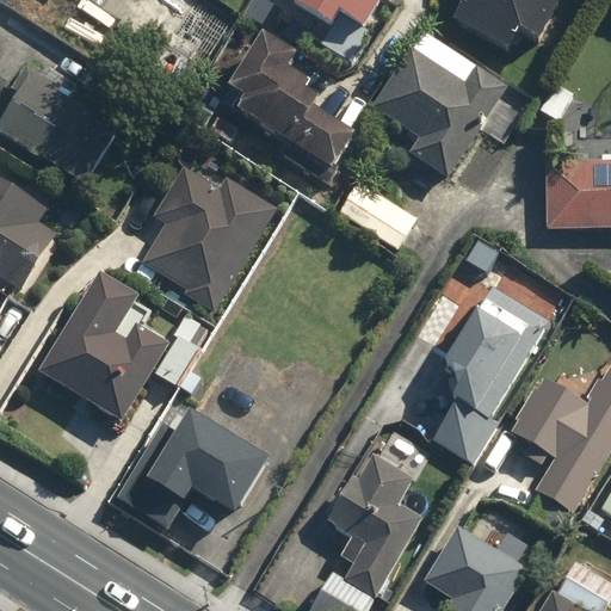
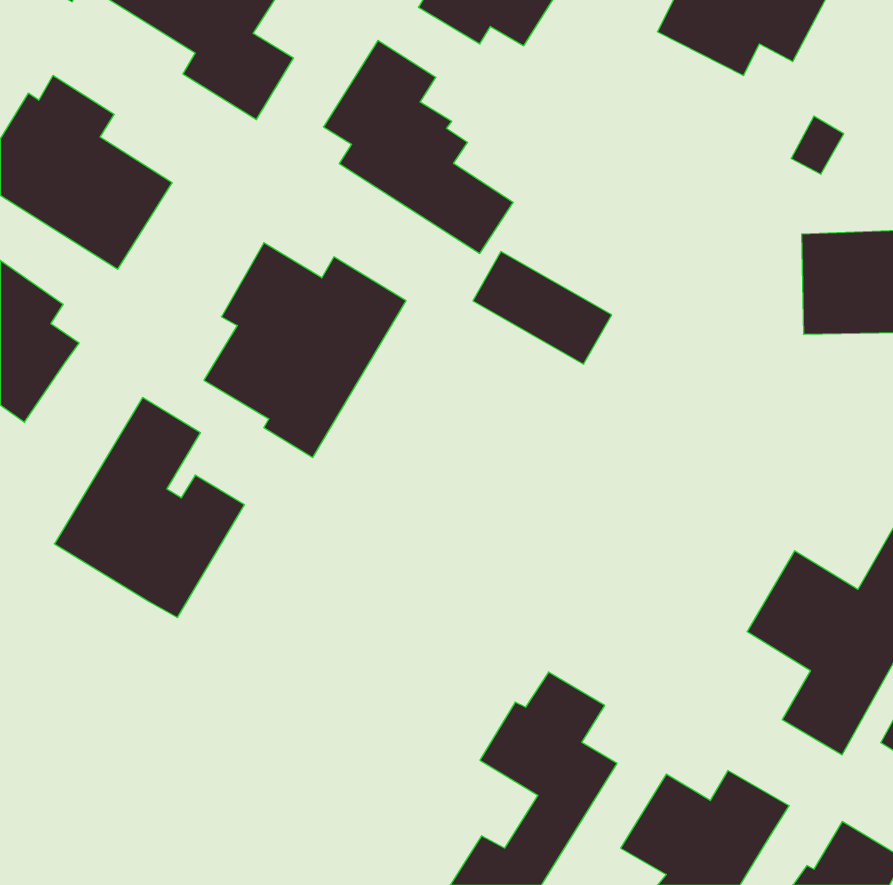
building: [372,32,508,179] -> none
building: [433,285,551,461] -> none
building: [117,402,255,518] -> none

